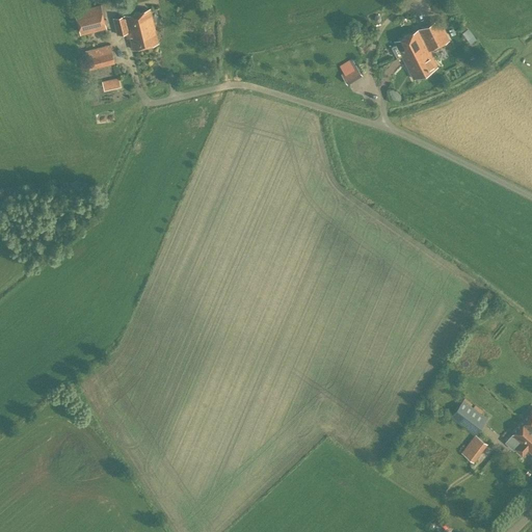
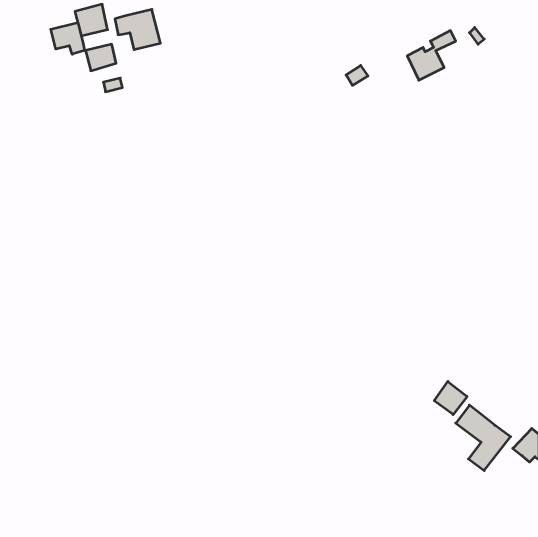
building: [395,20,445,57] -> none
building: none -> [51,22,85,54]
building: none -> [434,381,467,415]

